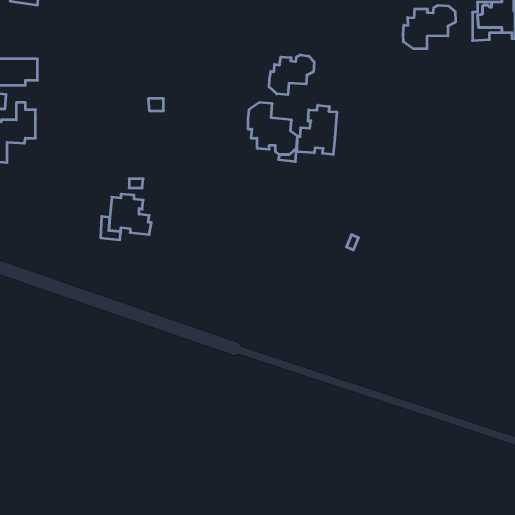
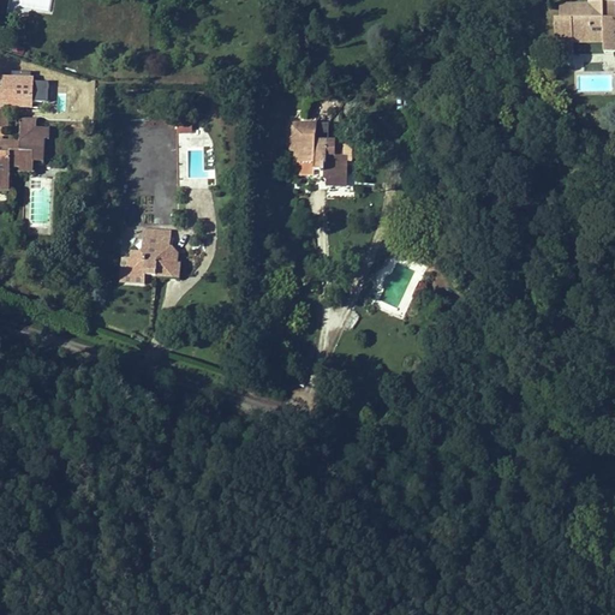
building: [403,5,455,49] -> none
building: [269,55,314,95] -> none
building: [297,105,337,155] -> none

